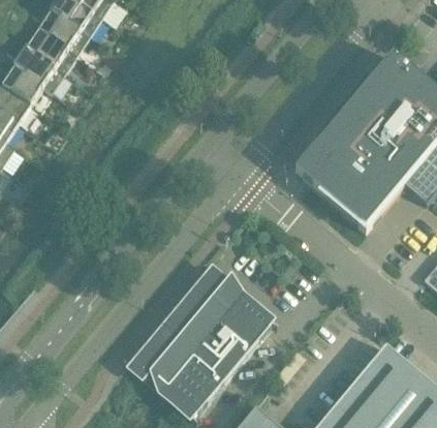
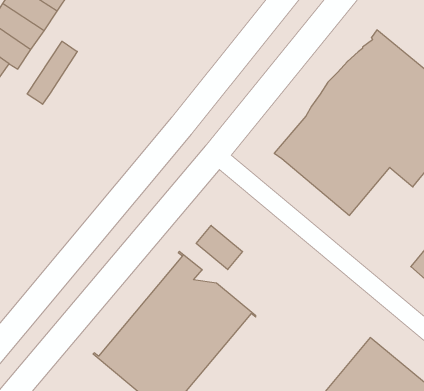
building: none -> [27,41,77,104]
building: none -> [196,225,243,270]

